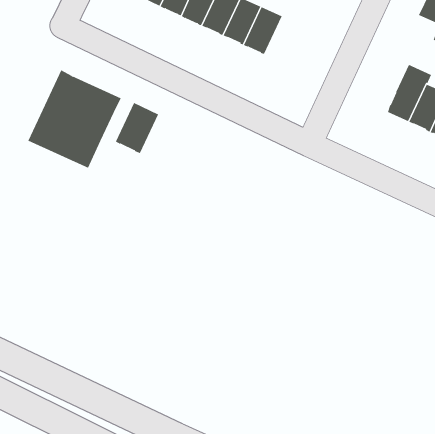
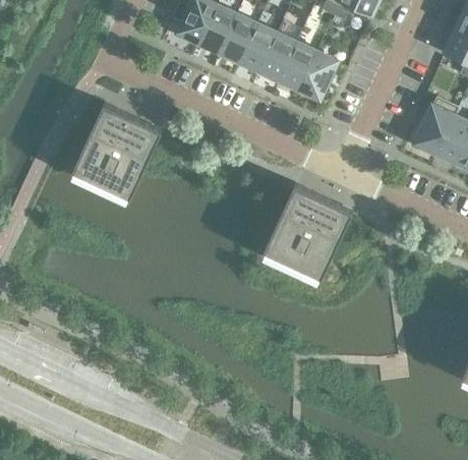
building: none -> [298,53,336,100]
building: [115,102,159,154] -> none
building: none -> [262,185,352,280]

